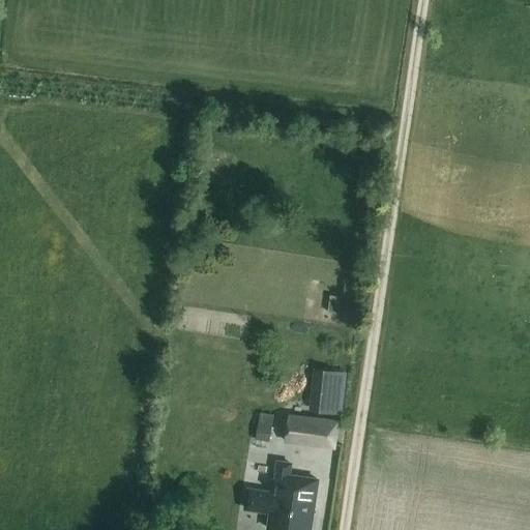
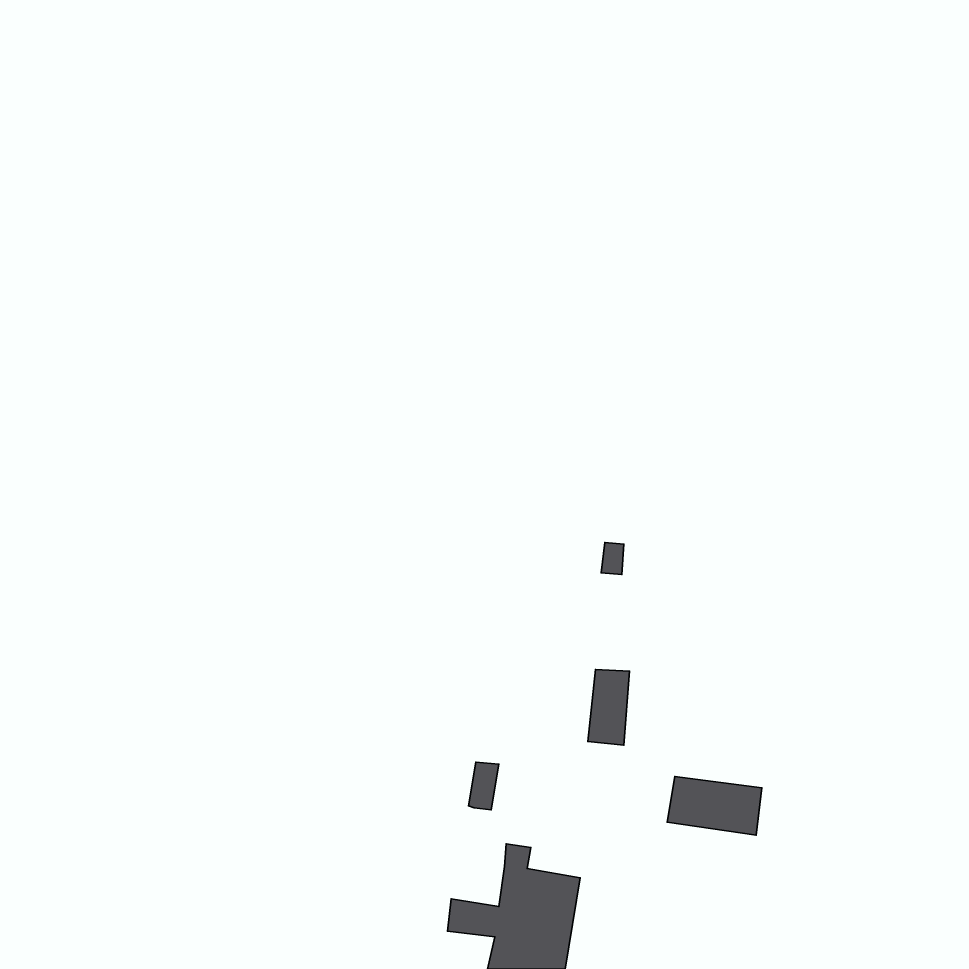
building: [285,415,336,447] -> [667,777,762,835]

